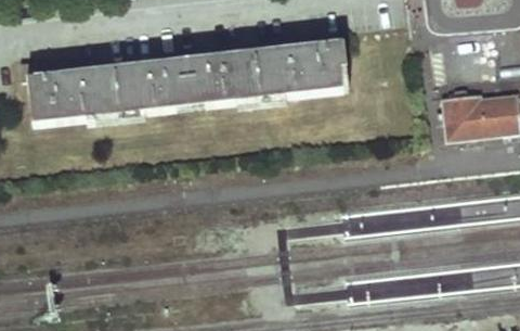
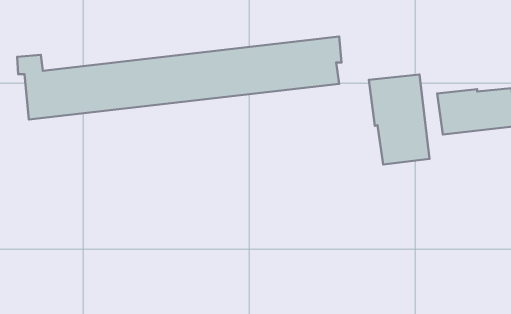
building: none -> [369,75,430,165]

